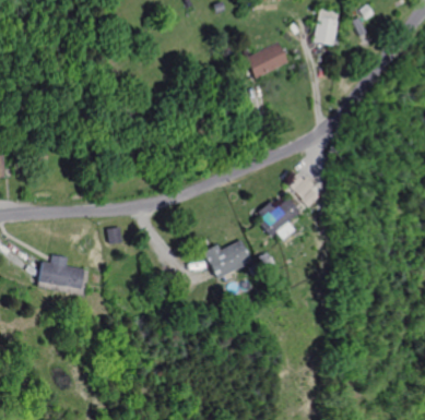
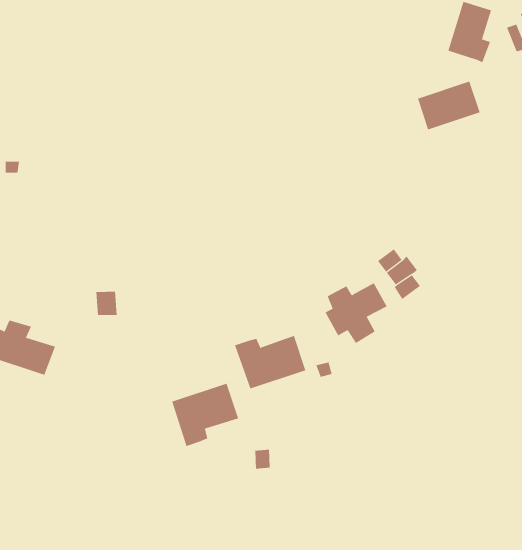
building: [247,43,290,79] -> [417,81,481,130]
building: none -> [172,383,239,447]

